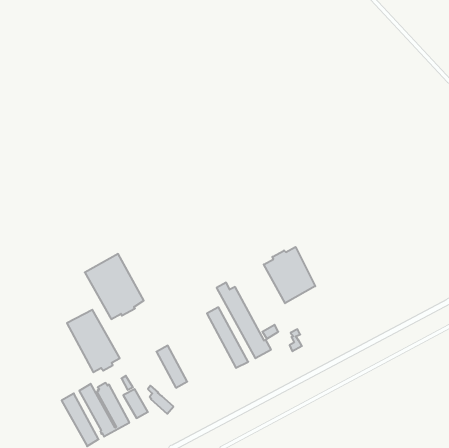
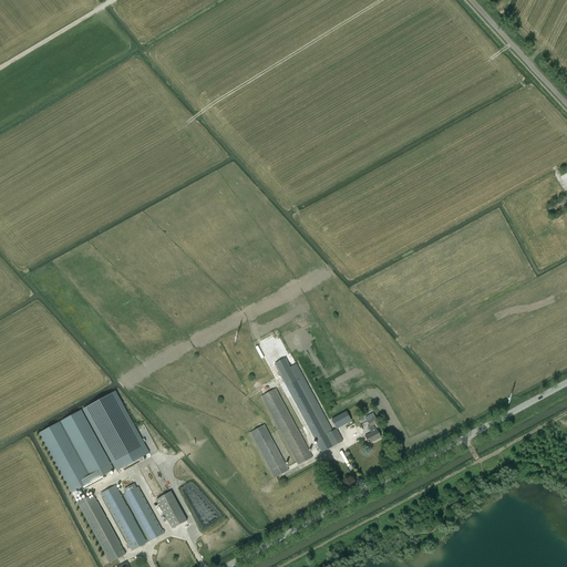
building: [264,247,315,303] -> none
building: [85,254,144,319] -> [35,410,110,492]
building: [156,346,187,388] -> [249,423,288,476]

